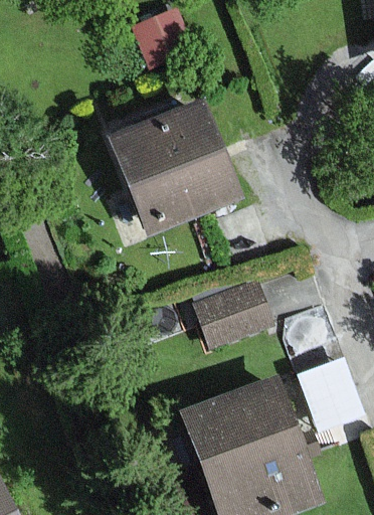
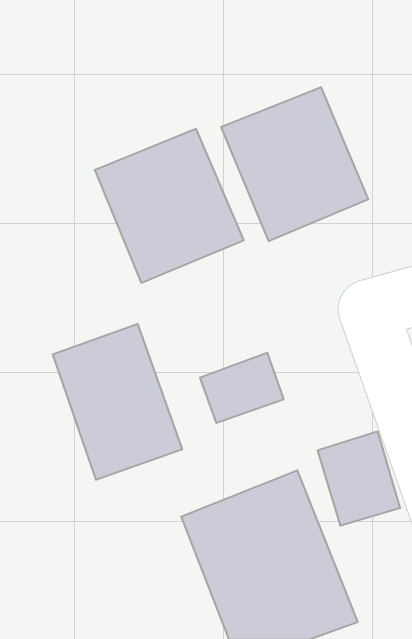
building: none -> [221,87,368,241]
building: none -> [53,324,182,480]

